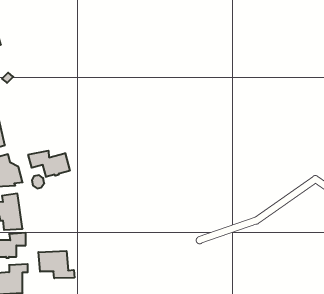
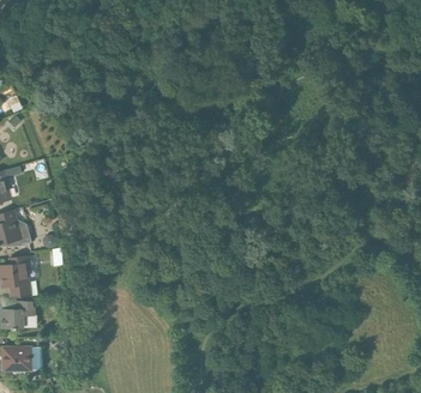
building: [28,151,70,177] -> none
building: [38,251,74,278] -> none

